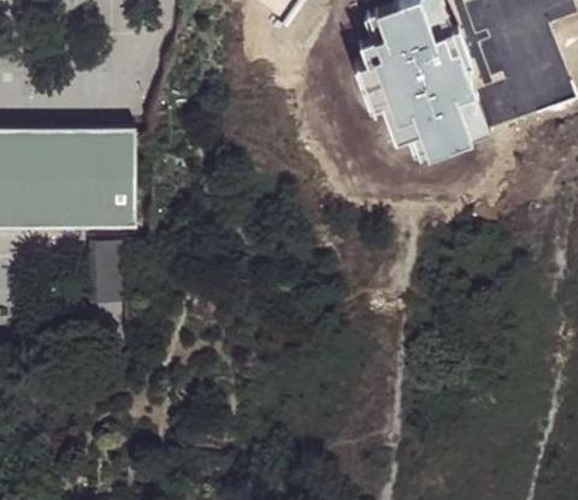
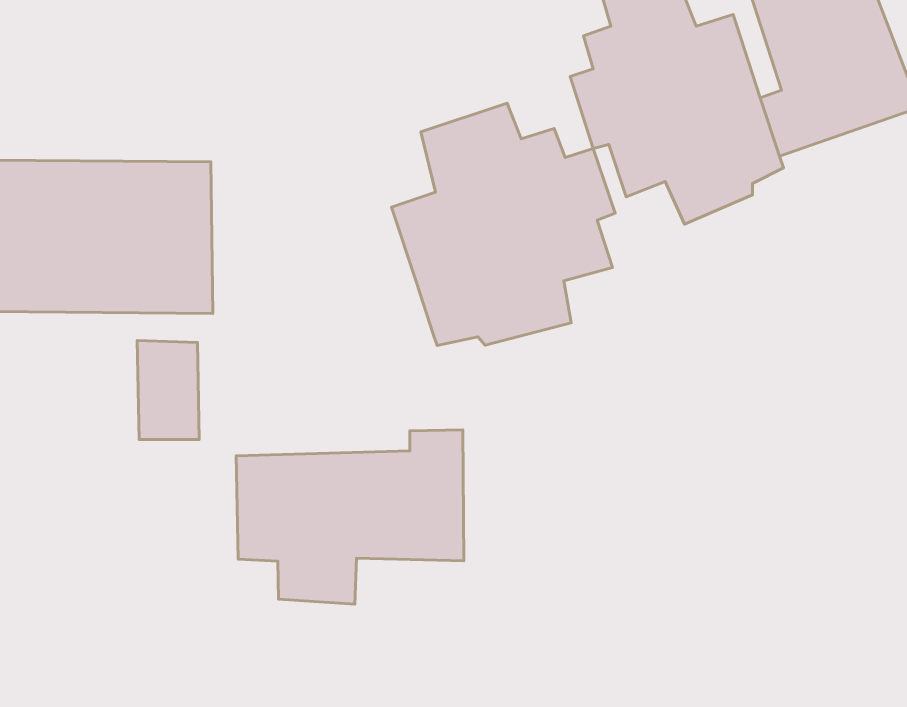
building: none -> [392,103,615,346]
building: none -> [236,430,464,604]

